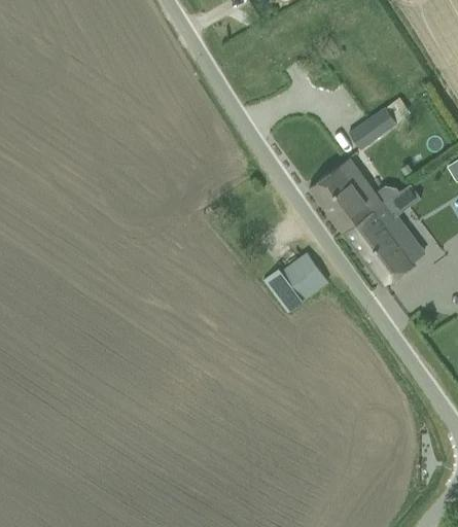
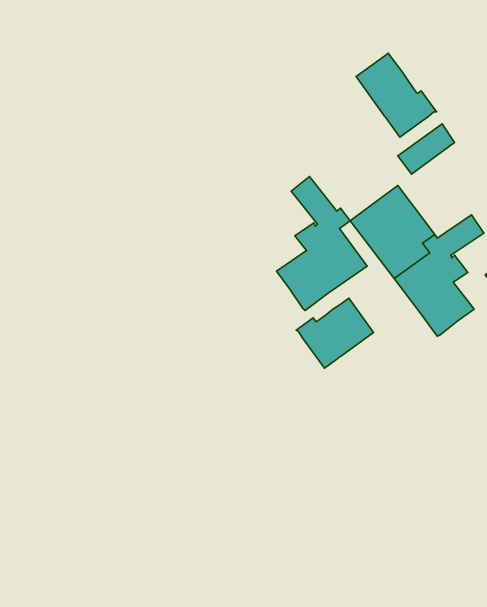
building: none -> [356,53,437,137]
building: none -> [277,176,367,310]

